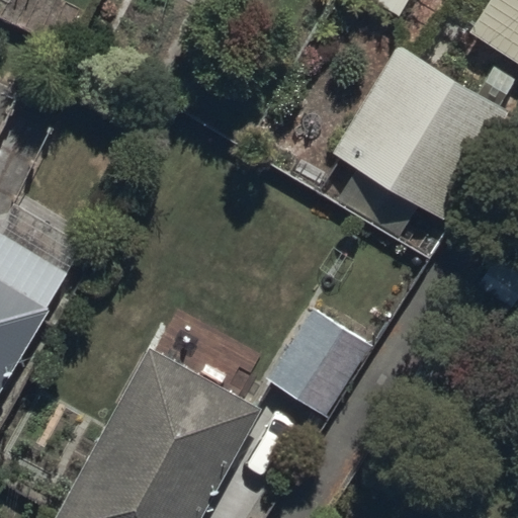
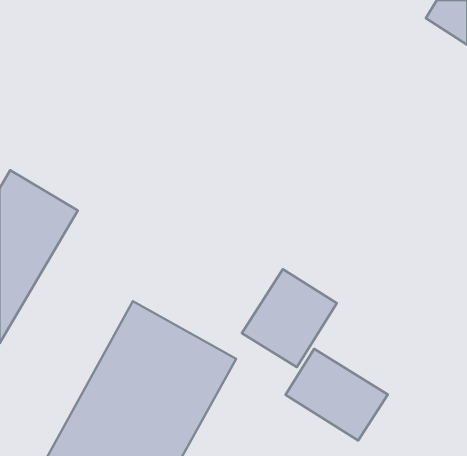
building: [334,46,509,243] -> none
building: none -> [285,349,388,440]

